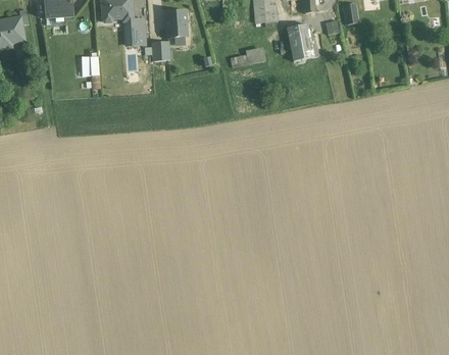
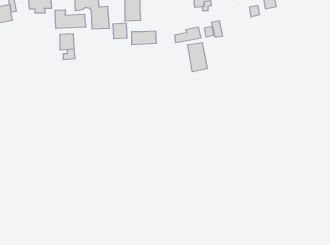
building: [288,21,313,58] -> [187,43,207,72]
building: none -> [55,10,86,29]
building: none -> [132,31,156,45]

